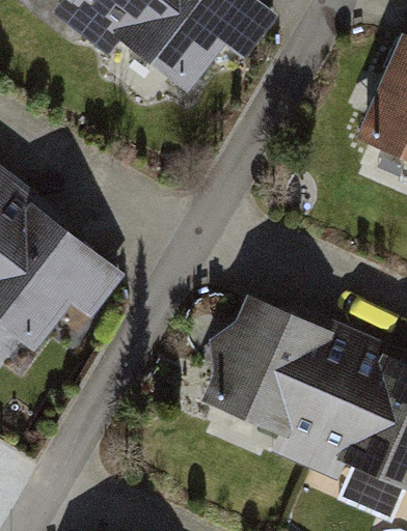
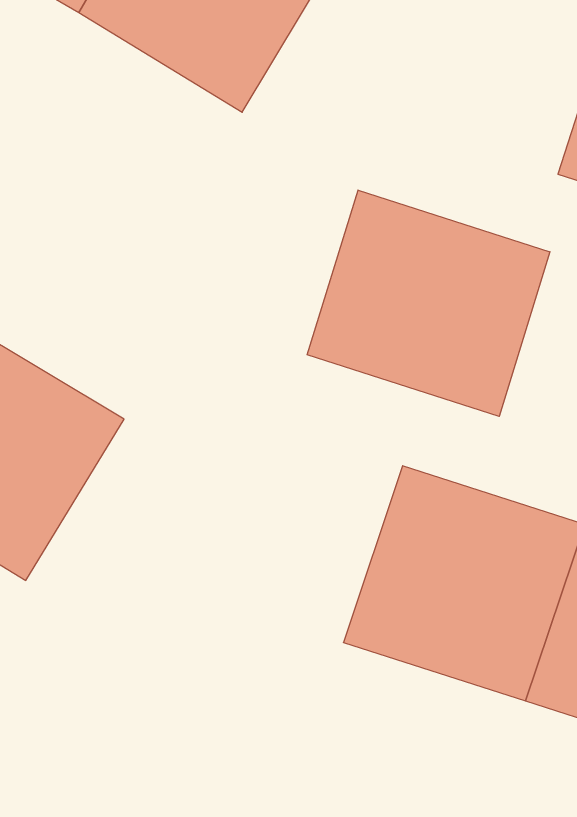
building: none -> [307,190,550,416]

